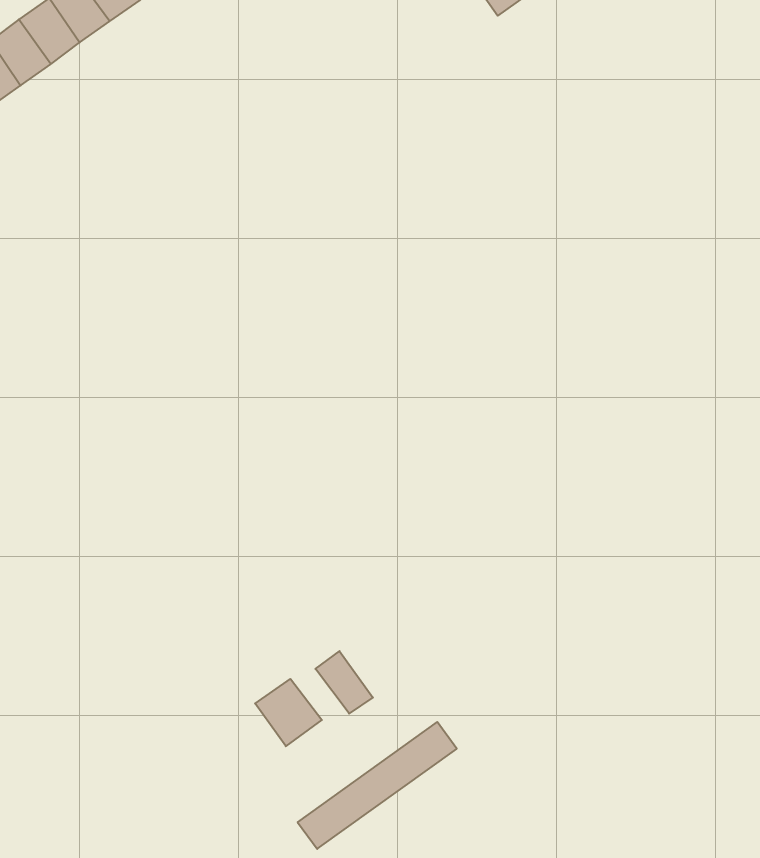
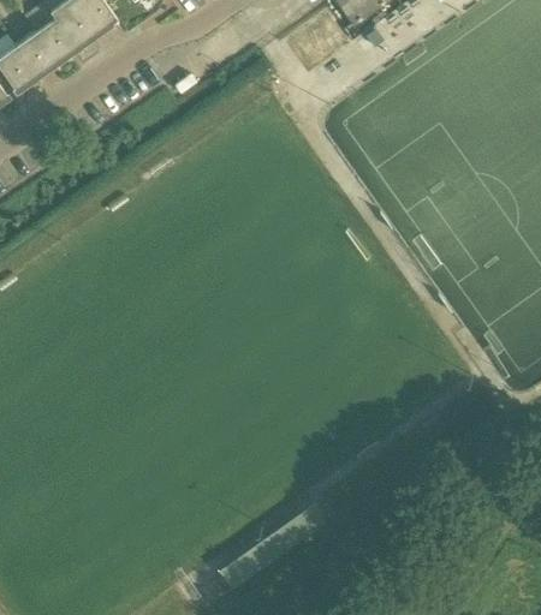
building: [315,651,373,714] -> none
building: [255,679,322,746] -> none

